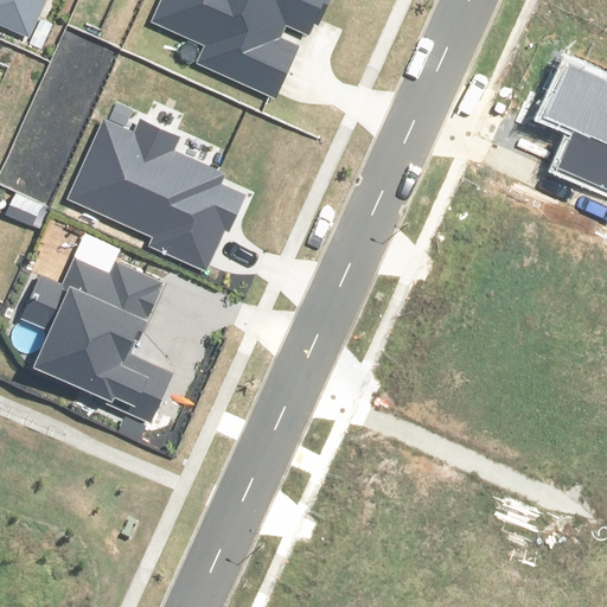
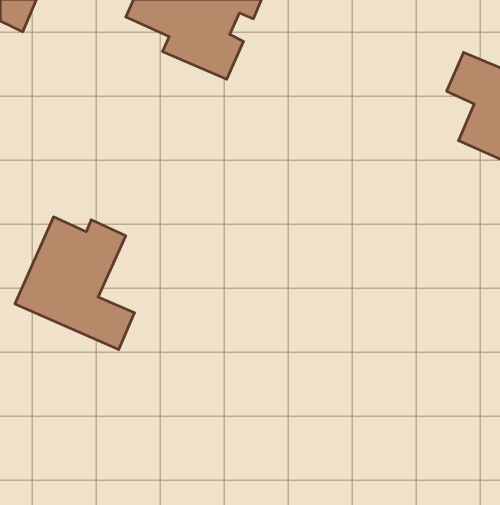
building: [71,111,237,268] -> none

